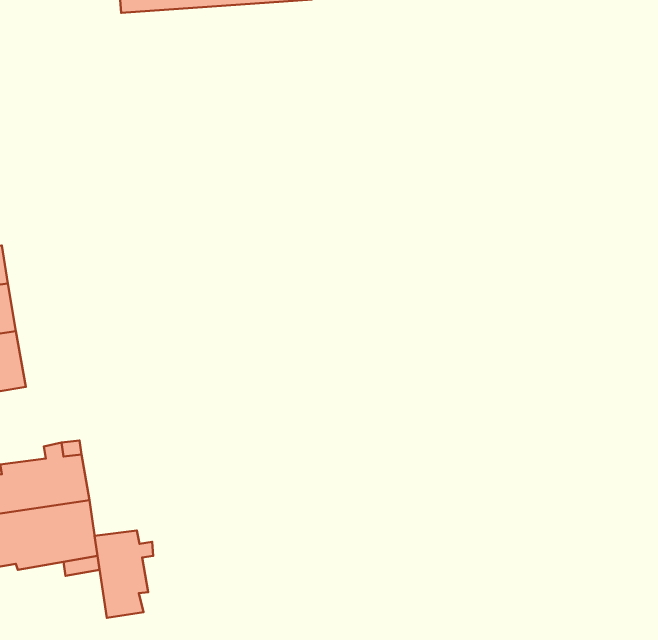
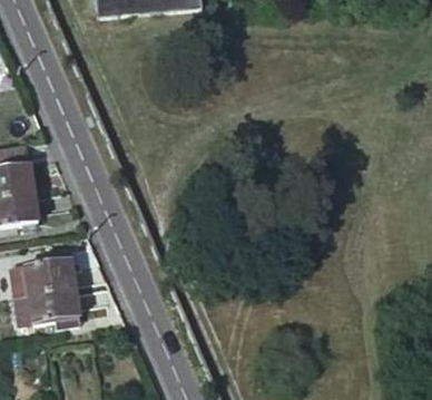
building: [95,530,153,618] -> none

